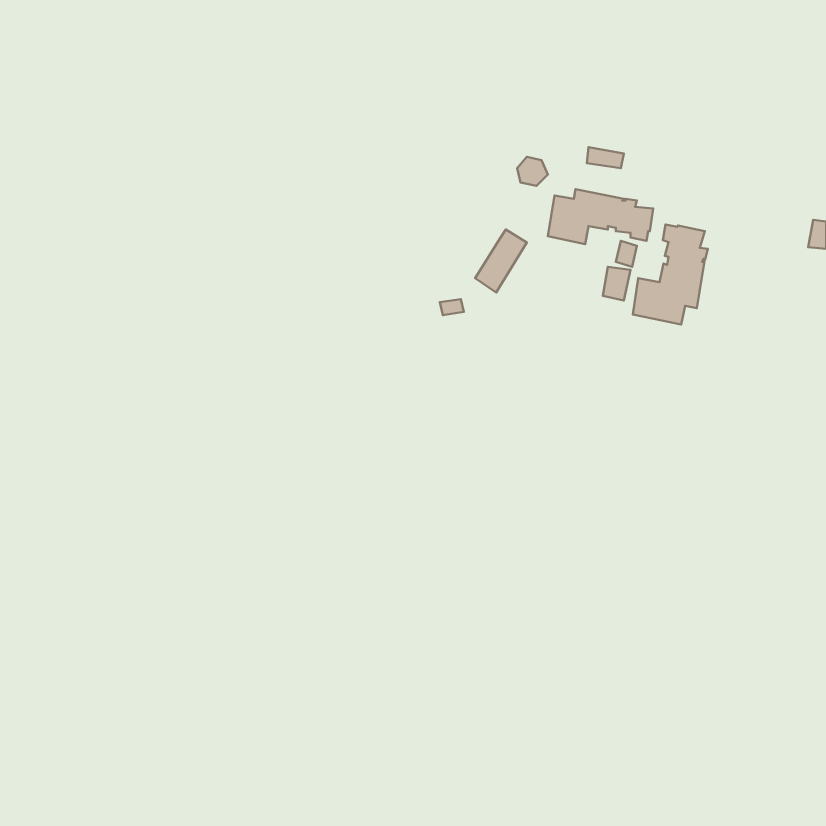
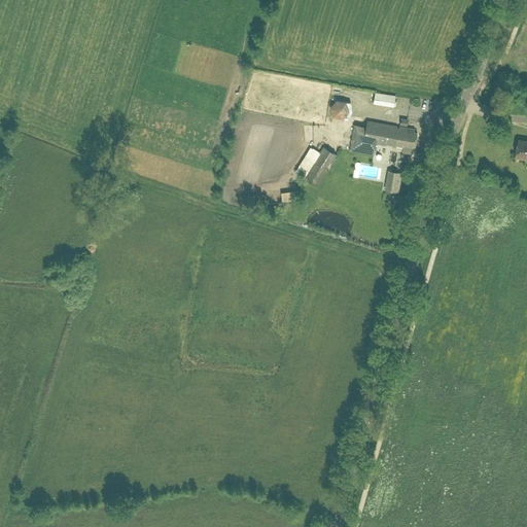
building: [633,225,708,324] -> none

